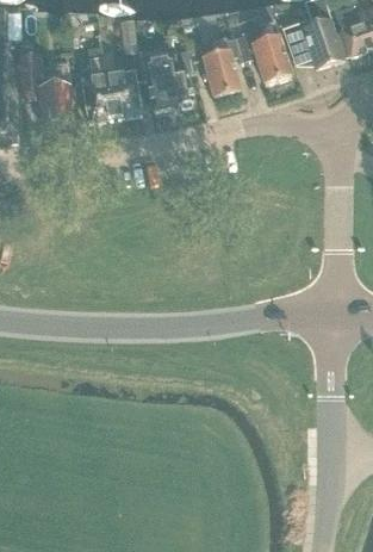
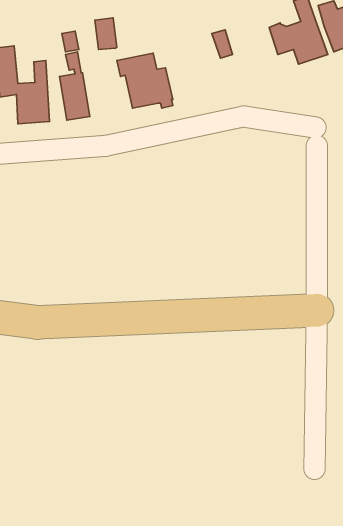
building: [253,19,292,81] -> none
building: [203,35,241,95] -> none
building: [100,52,142,117] -> none

